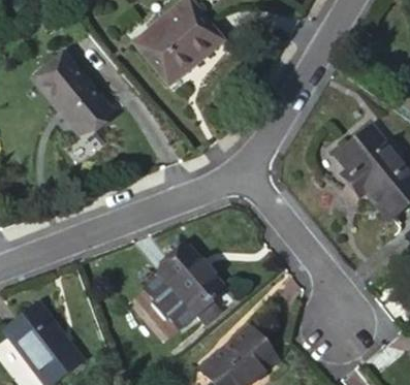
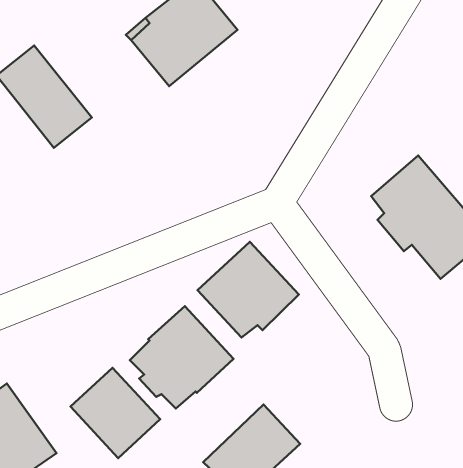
building: none -> [198,242,299,338]
building: none -> [71,368,160,458]

